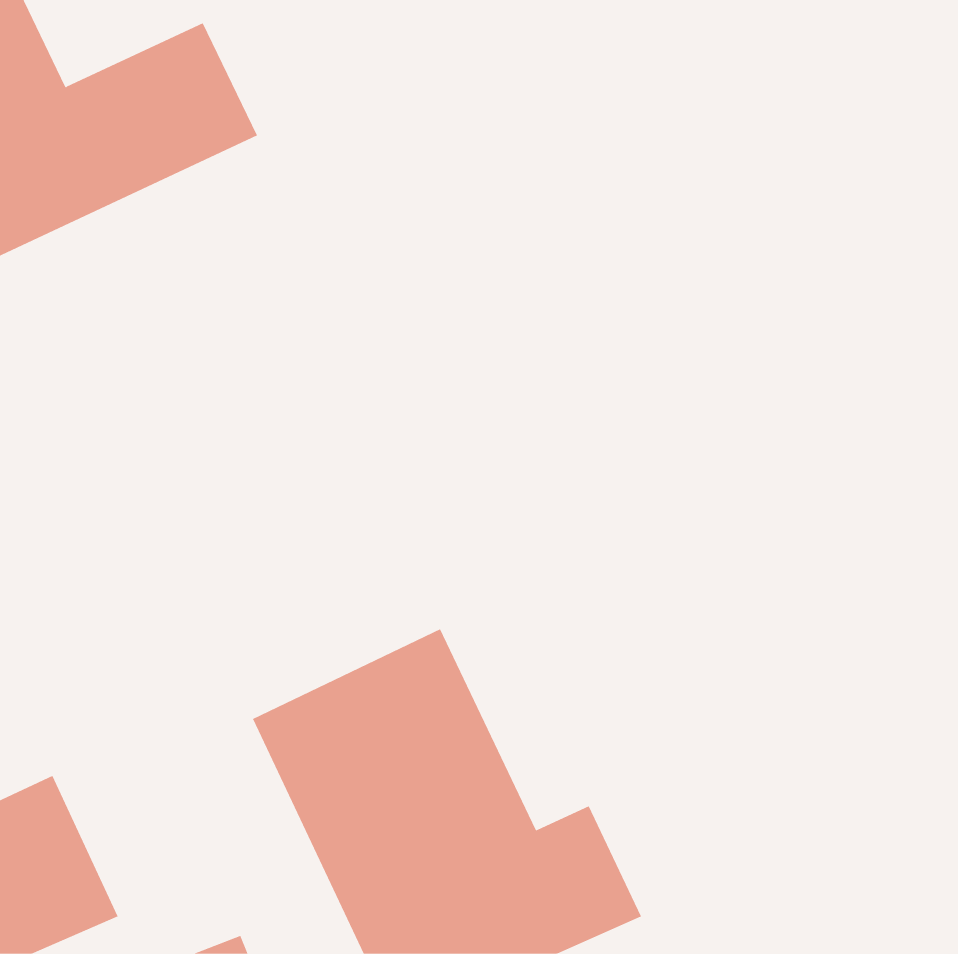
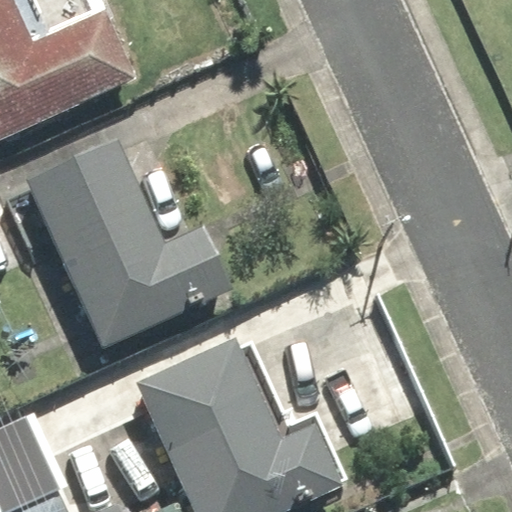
building: none -> [30,148,236,349]

